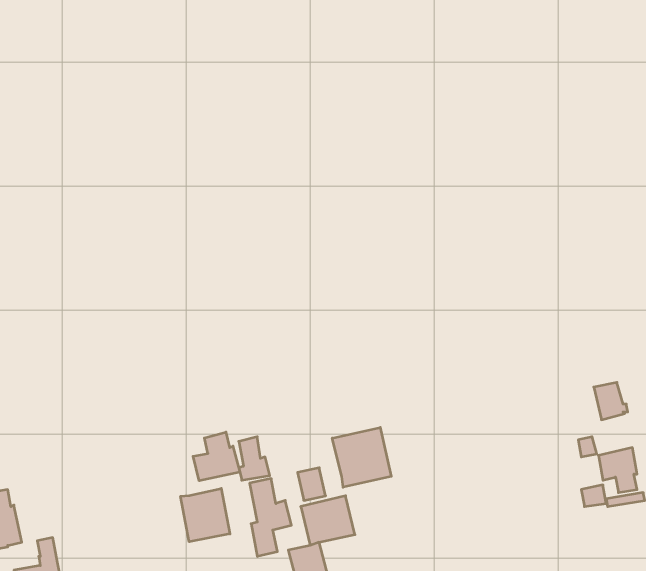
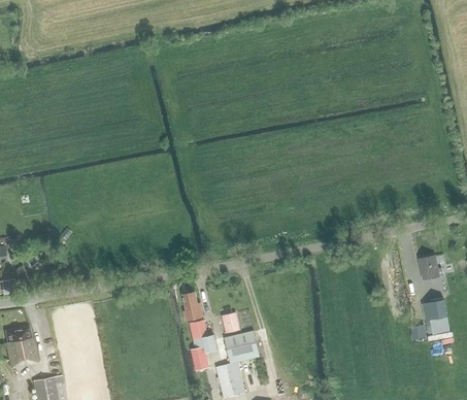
building: [332,427,391,487] -> none
building: [193,432,240,481] -> none
building: [181,488,230,542] -> none

